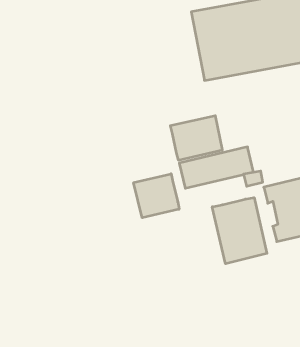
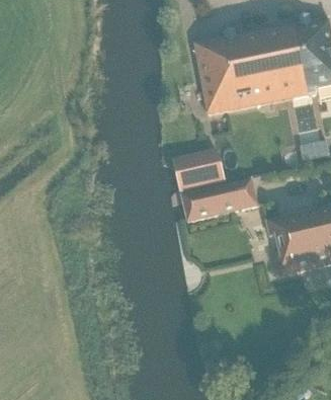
building: [134,174,179,218] -> none
building: [212,198,267,264] -> none

